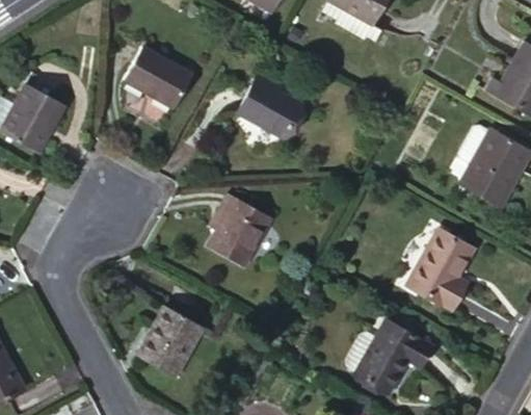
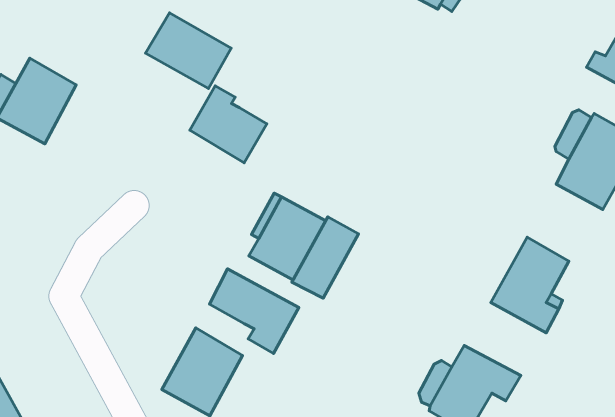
building: [239,75,302,138] -> [190,86,267,163]
building: none -> [292,217,359,298]
building: none -> [209,269,299,353]

